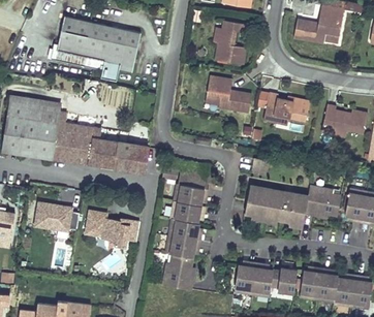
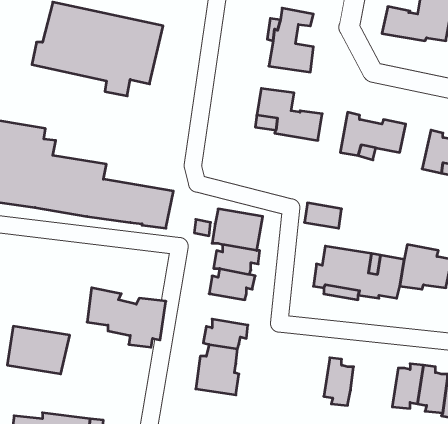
building: [33,205,76,239] -> [7,326,70,374]
building: [172,218,201,240] -> none
building: [235,261,256,292] -> none
building: [271,267,298,292] -> none

